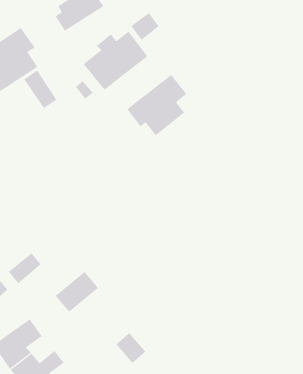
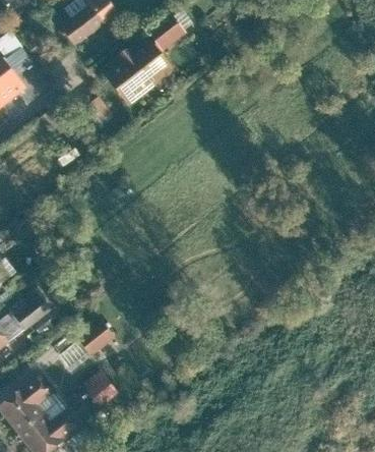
building: [24,70,57,109] -> none
building: [127,74,187,136] -> none
building: [115,332,146,364] -> [83,370,119,406]

